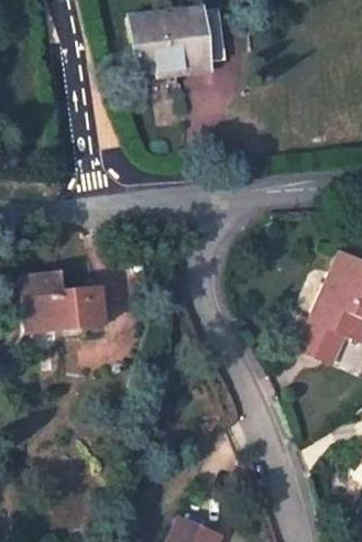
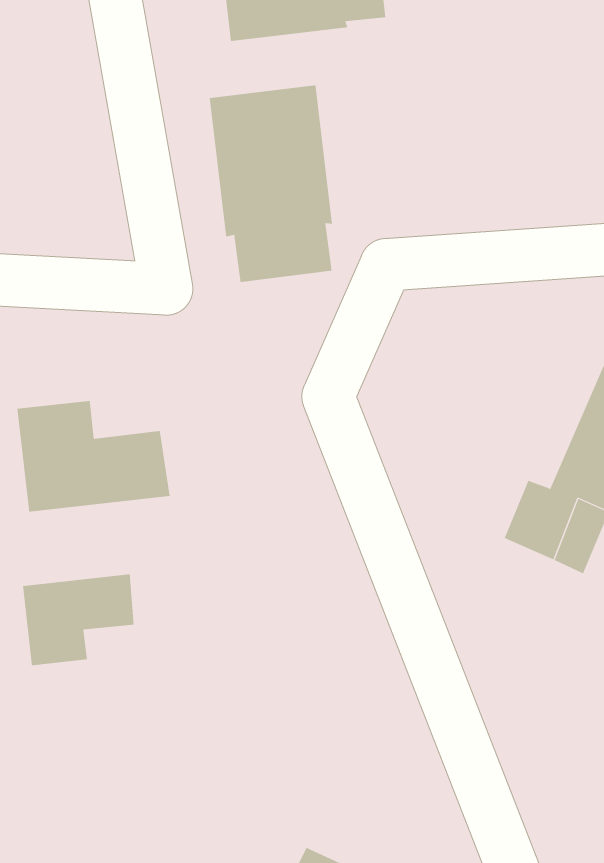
building: none -> [209,84,332,283]
building: none -> [23,573,134,666]

